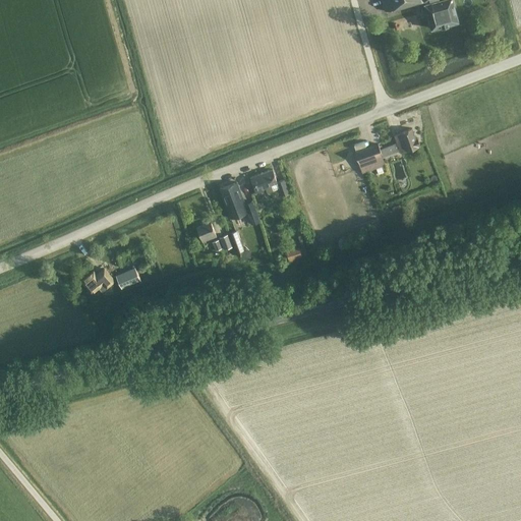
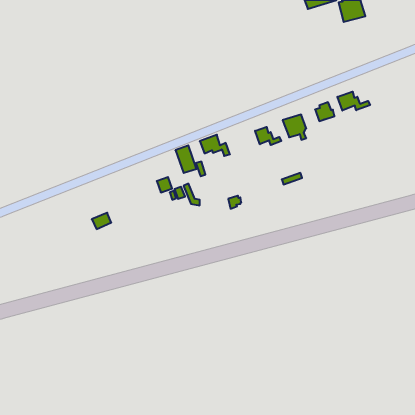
building: none -> [337,92,370,111]
building: none -> [255,127,281,145]
building: [81,268,114,292] -> none

